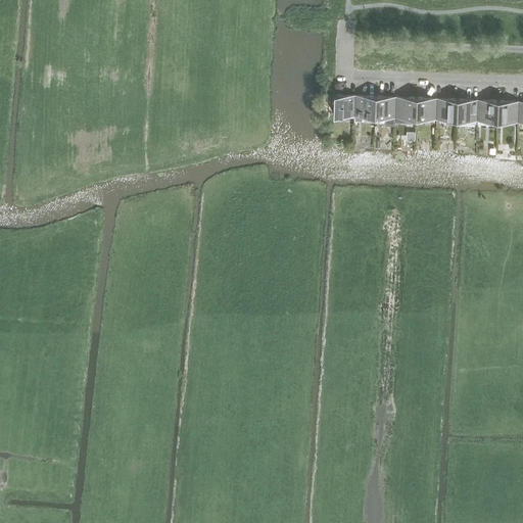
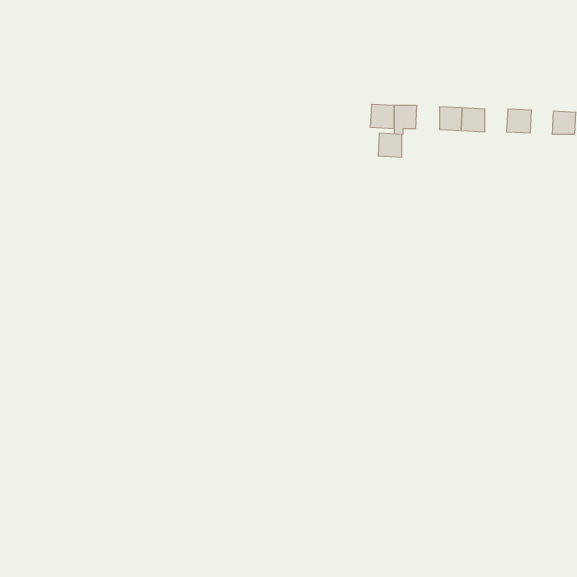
building: [377,98,398,120] -> [378,133,402,157]
building: [439,101,460,122] -> none
building: [480,102,501,124] -> none

